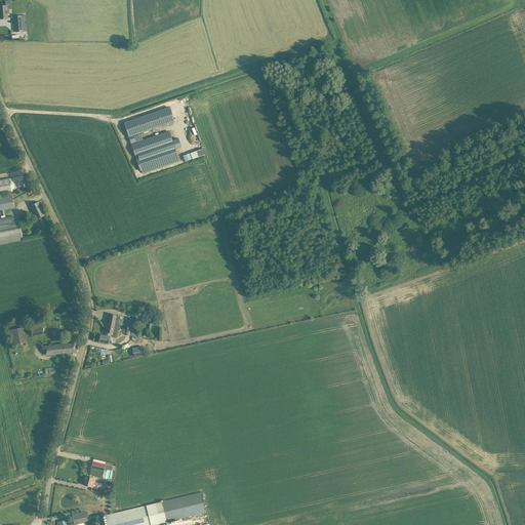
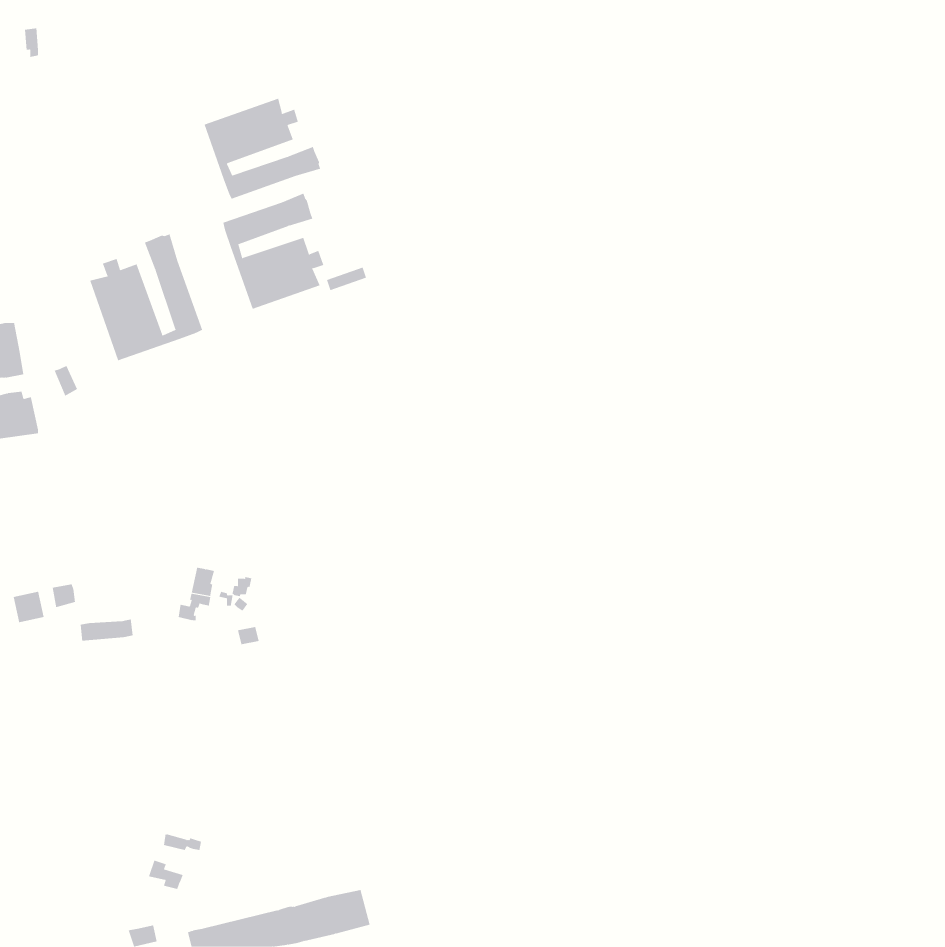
building: none -> [204,98,321,200]
building: none -> [90,233,203,361]

